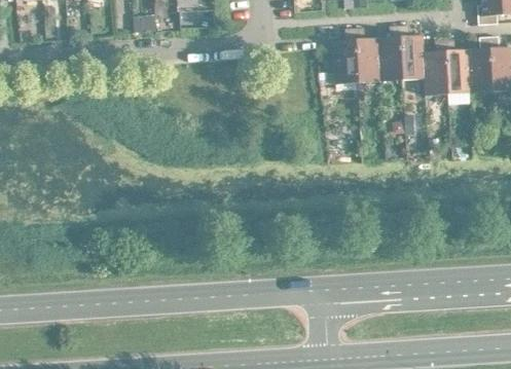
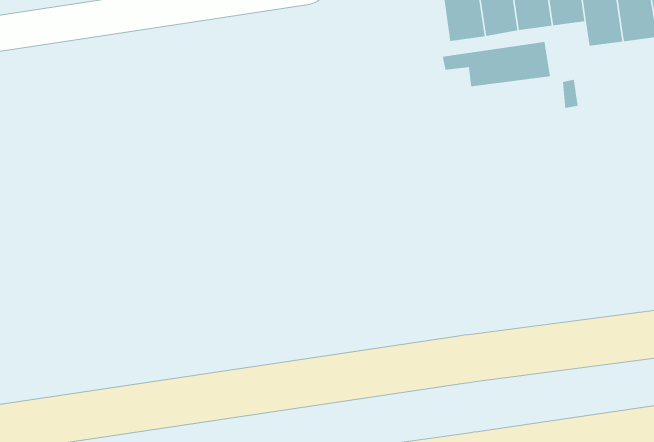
building: none -> [442,41,550,87]

